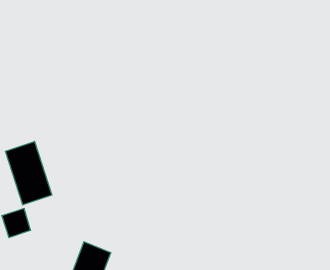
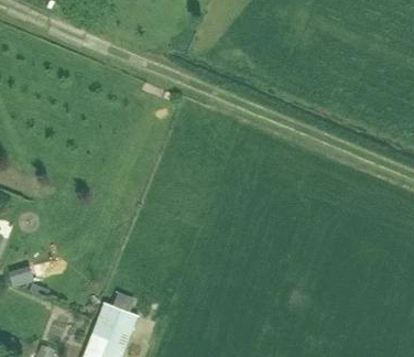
building: [6,141,52,205] -> none

